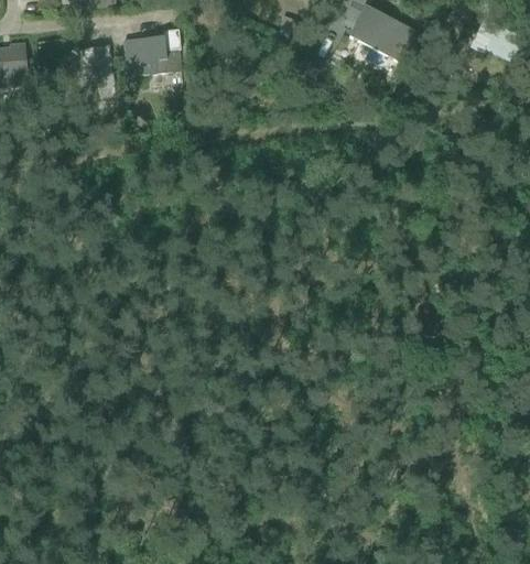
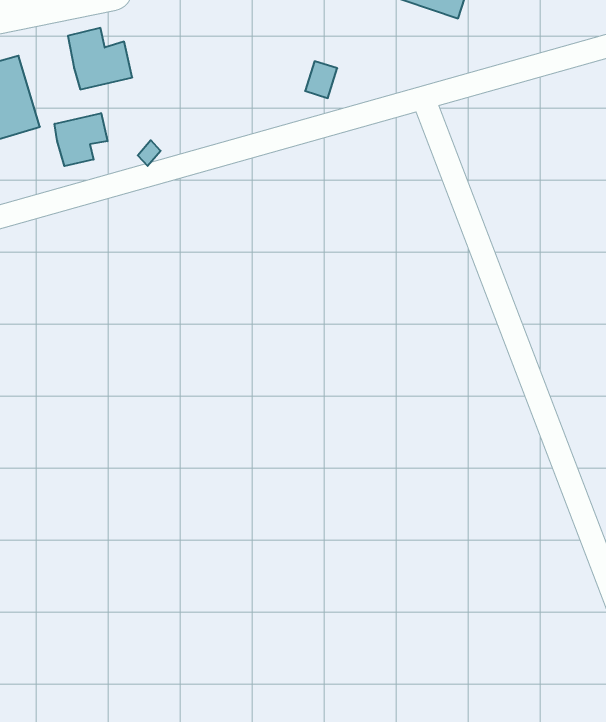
building: none -> [55,113,108,166]

